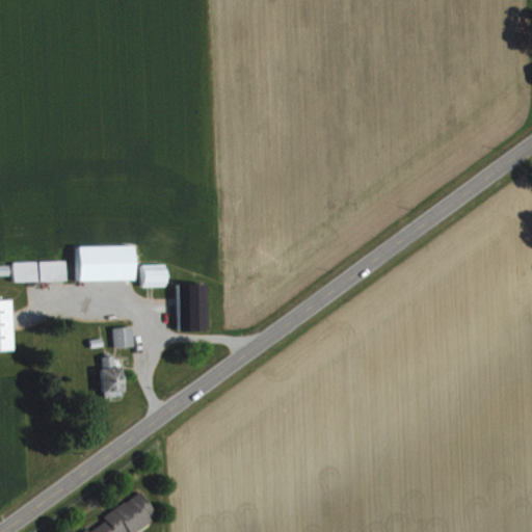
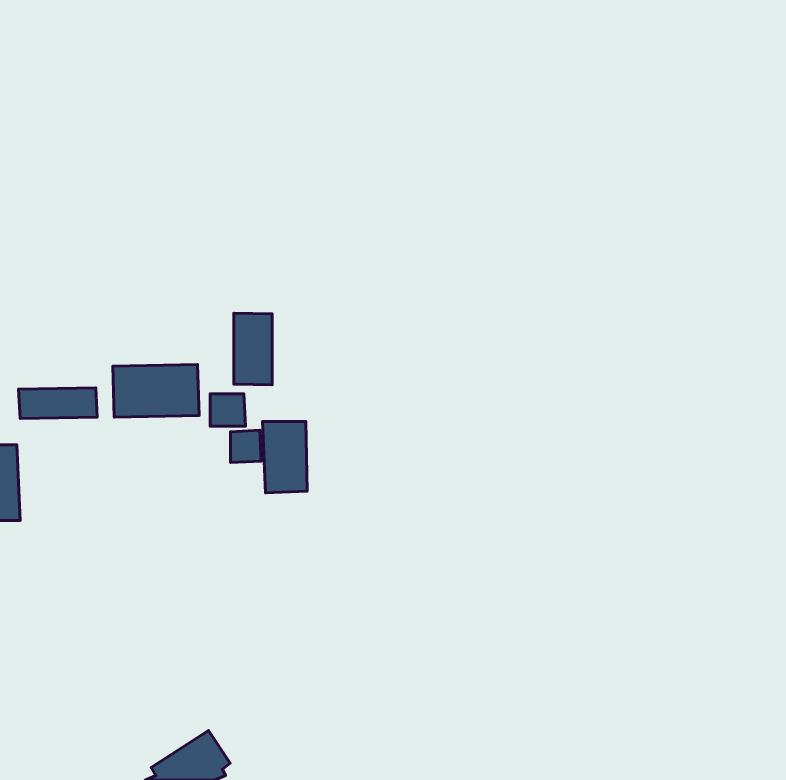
building: none -> [234,313,272,385]
building: [113,326,134,348] -> [230,430,261,463]
building: [100,356,122,398] -> none

